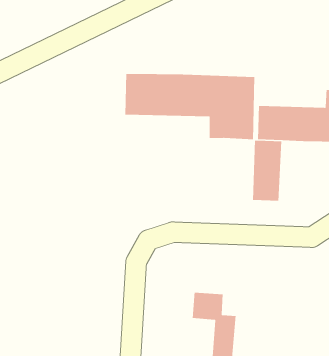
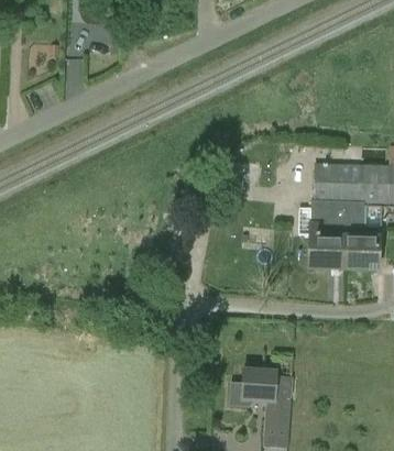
building: [124,73,255,140] -> none
building: none -> [338,201,380,270]

